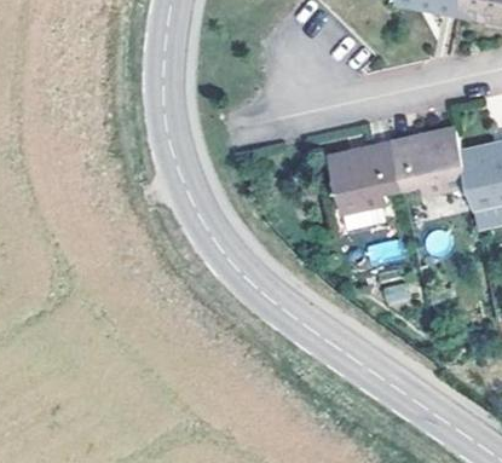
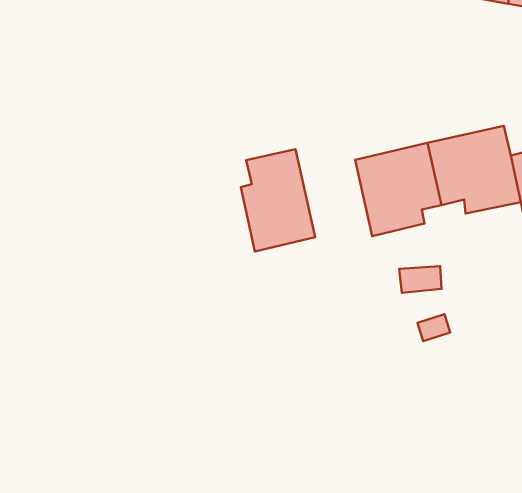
building: none -> [241,149,315,252]

